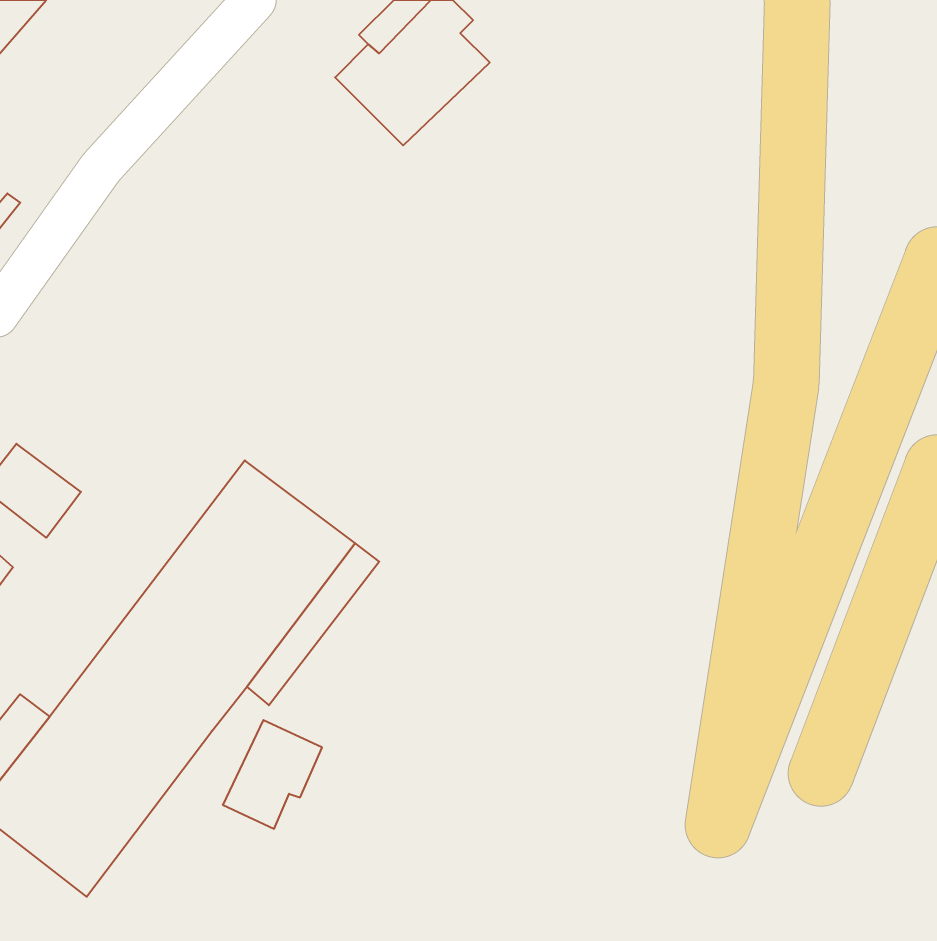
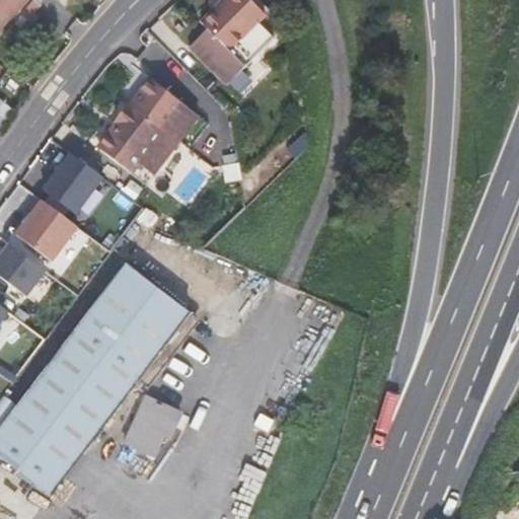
building: none -> [99,81,194,174]
building: none -> [41,152,100,213]
building: none -> [16,198,77,262]

